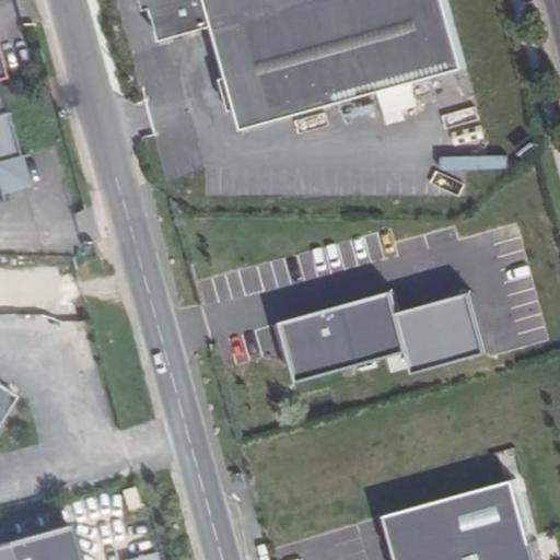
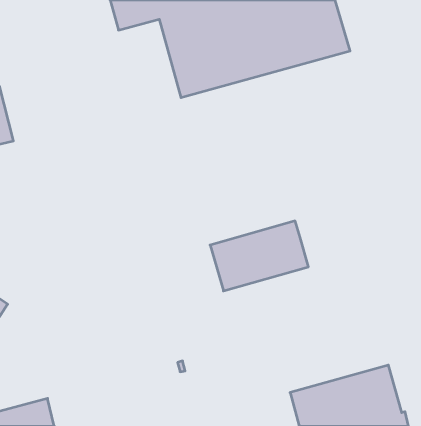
building: [394,291,483,372] -> none

